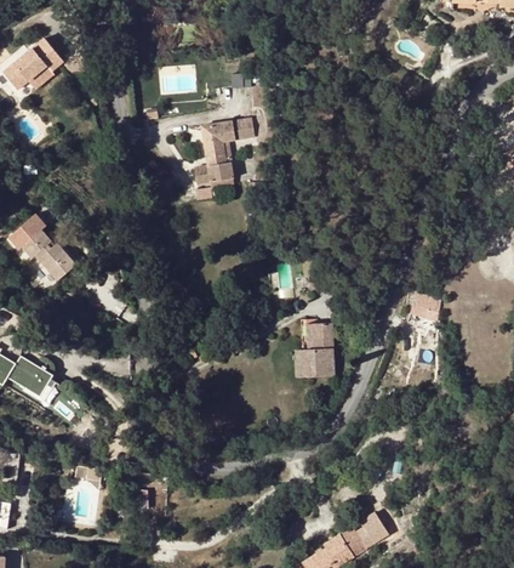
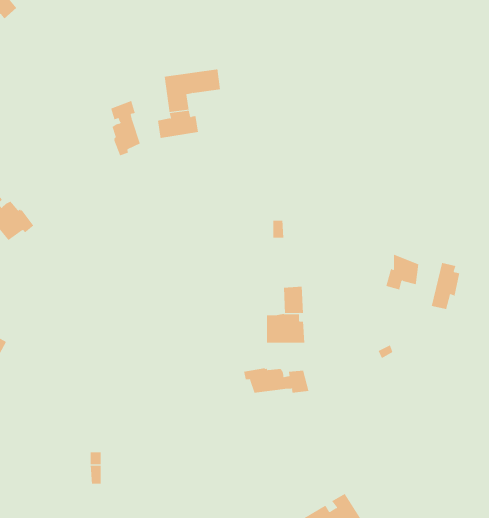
building: none -> [110,100,141,156]
building: none -> [431,262,460,310]
building: none -> [243,368,309,393]

